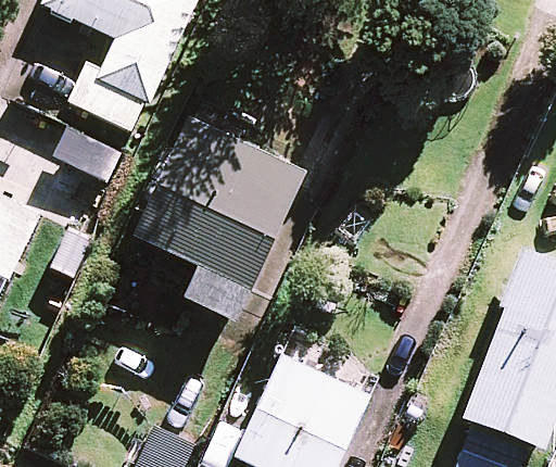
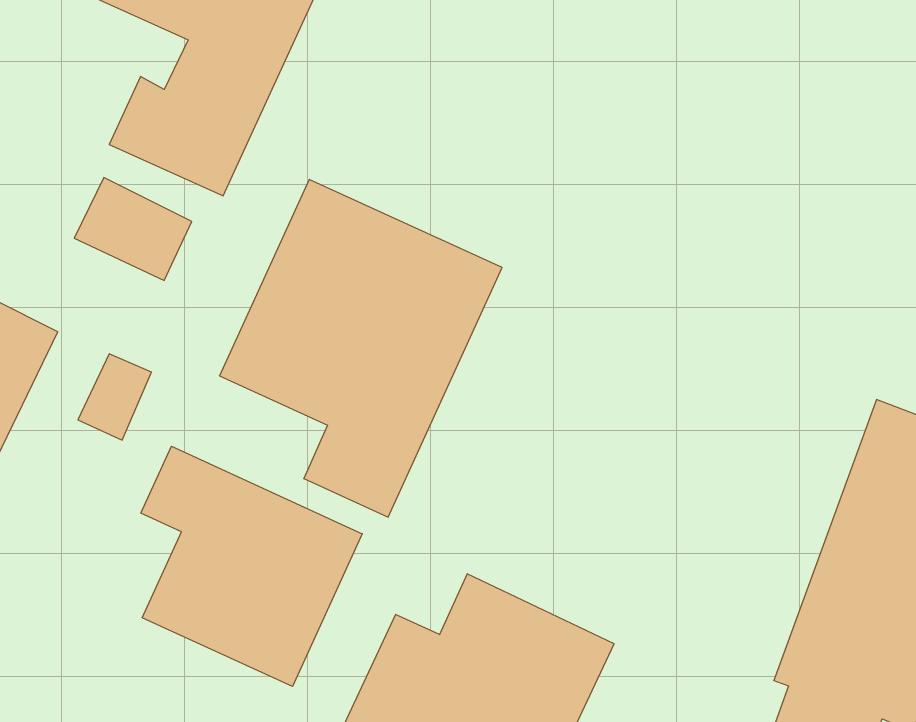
building: none -> [141,446,362,686]

